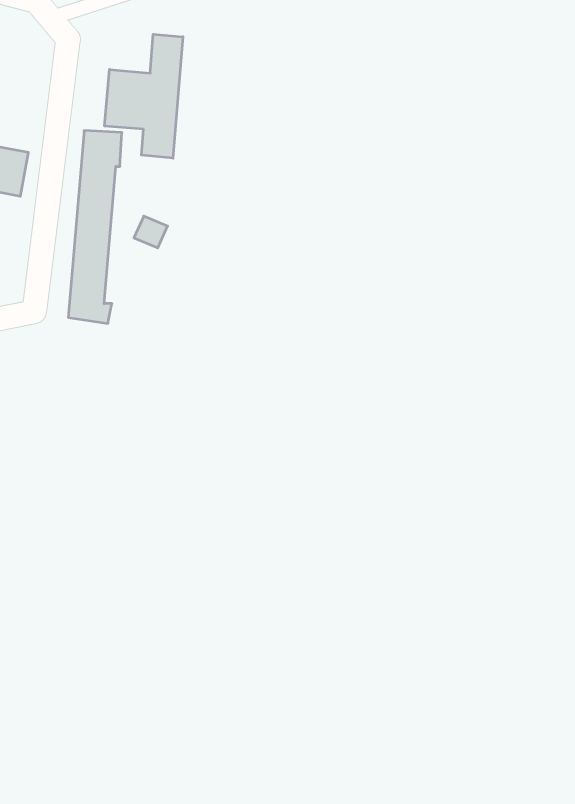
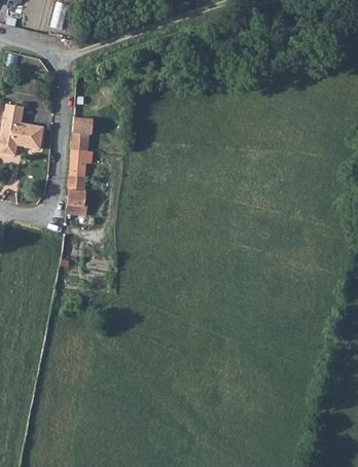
building: [105,34,183,158] -> none

